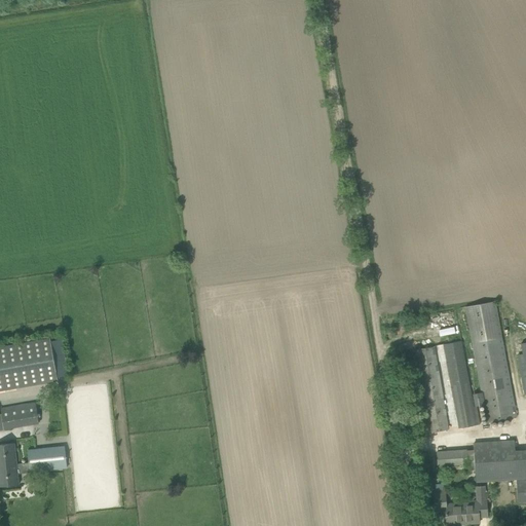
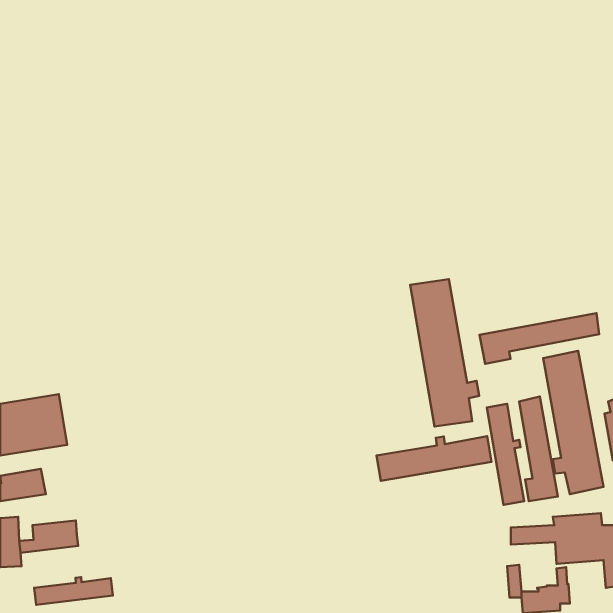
building: none -> [410,279,479,427]
building: none -> [479,313,599,364]
building: none -> [377,436,491,481]
building: none -> [34,577,113,605]

